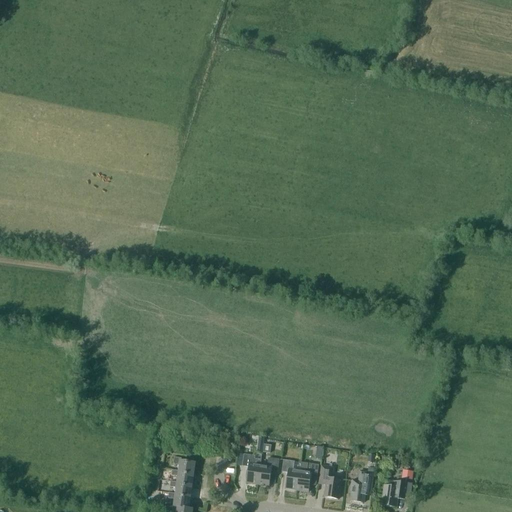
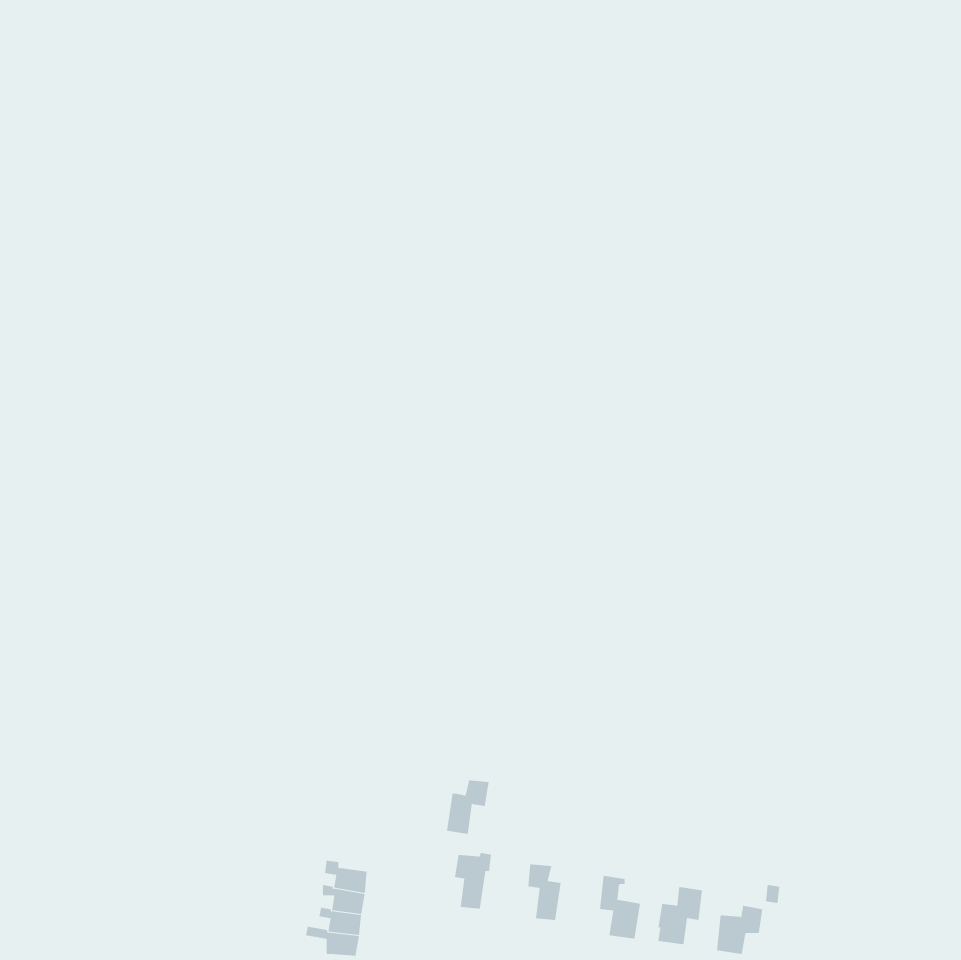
building: [255,455,278,484] -> [446,780,489,835]
building: [295,461,317,490] -> none

